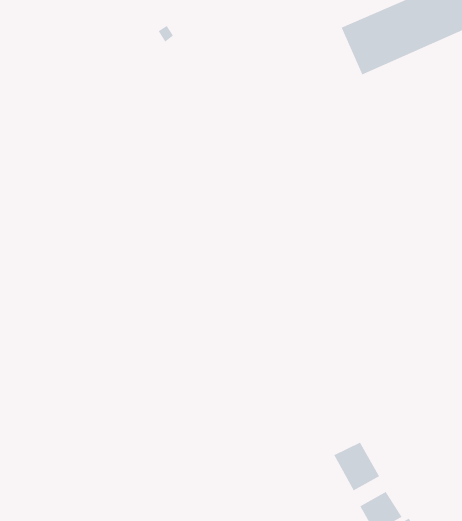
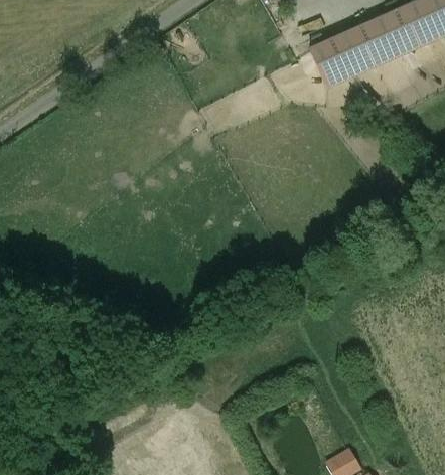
building: [333,442,380,491] -> none

